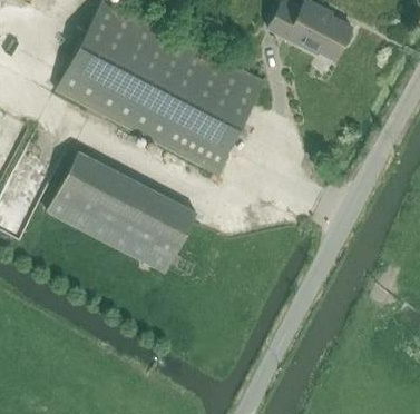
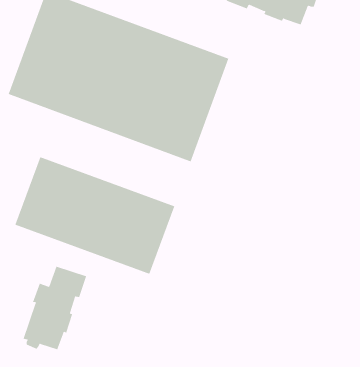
building: none -> [23,266,87,350]

